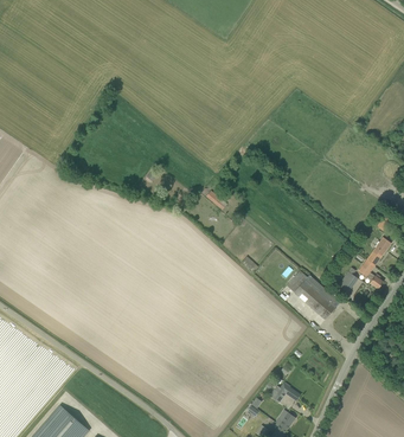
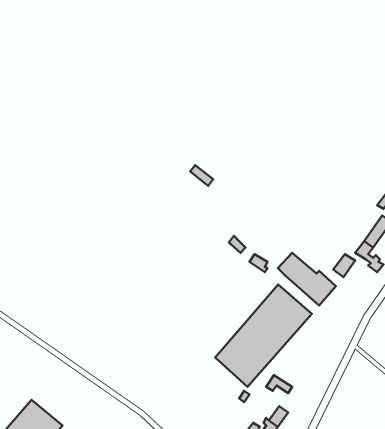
building: none -> [215,285,312,387]

